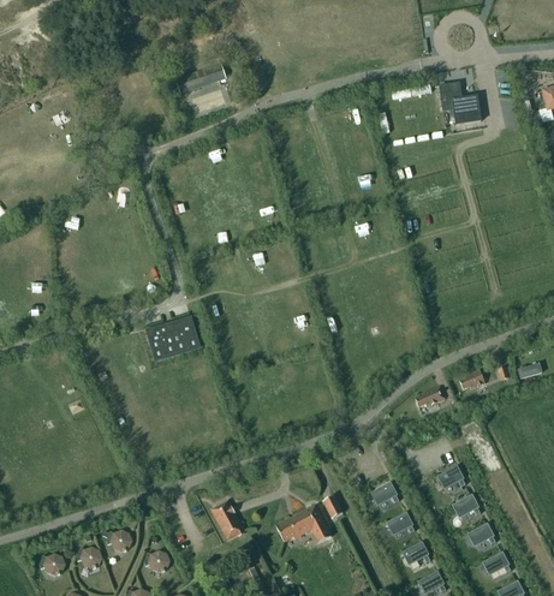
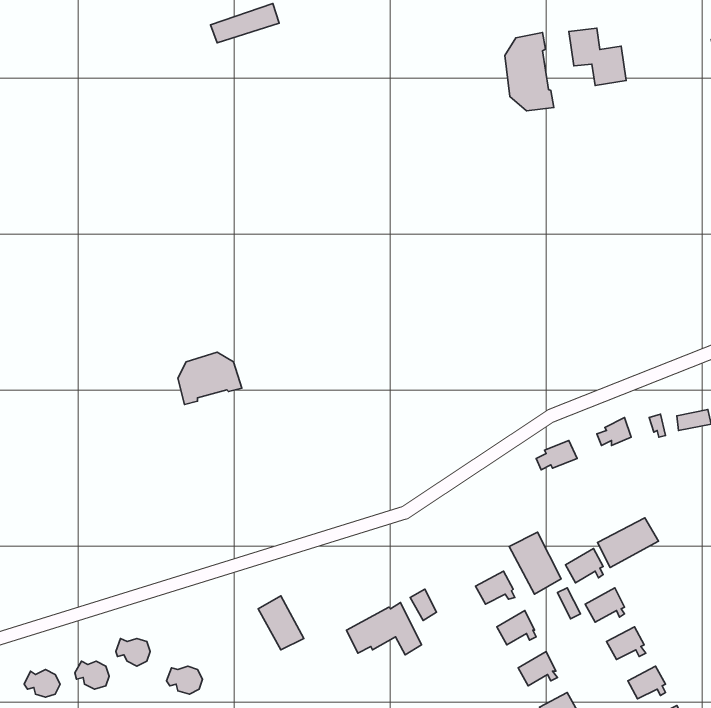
building: none -> [505,32,554,111]
building: none -> [597,518,659,567]
building: none -> [509,532,561,594]

